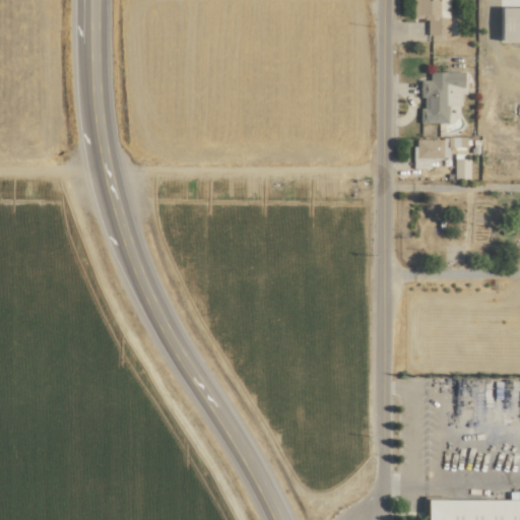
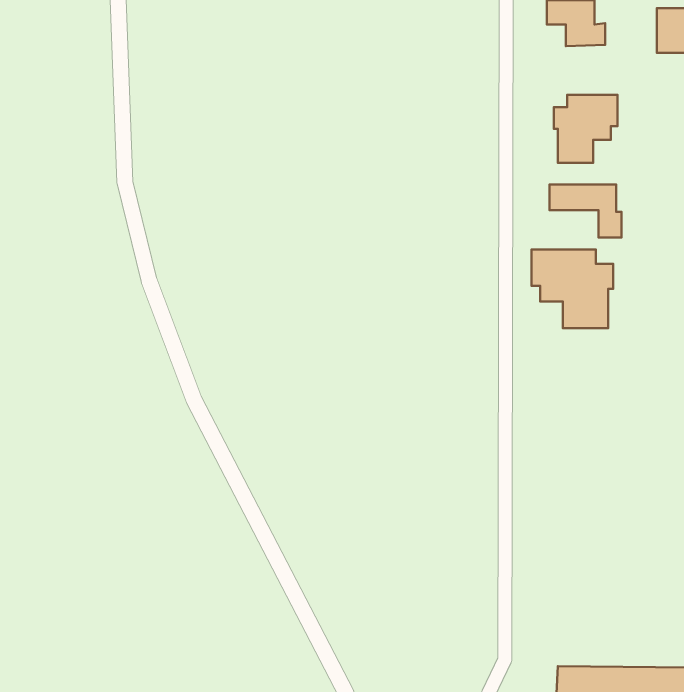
building: none -> [532,250,613,328]

